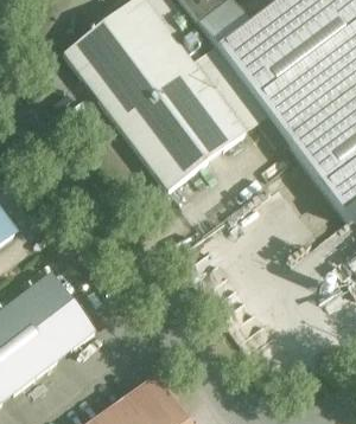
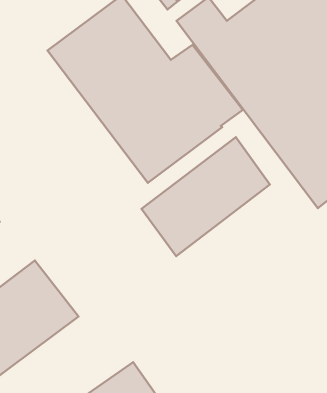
building: none -> [142,137,270,256]

